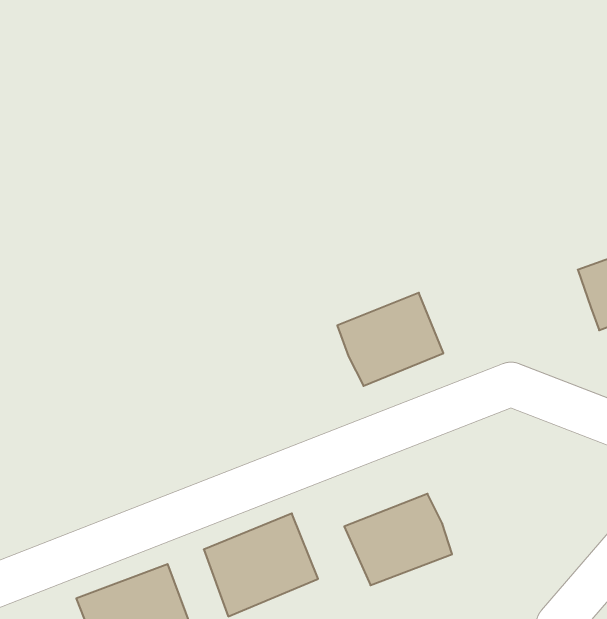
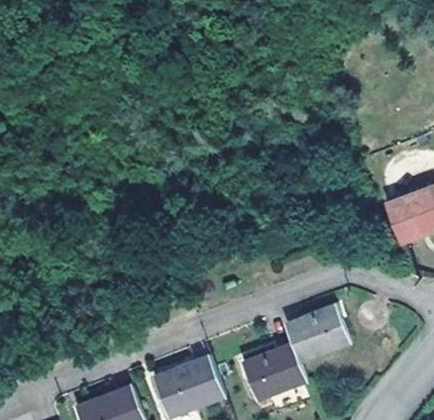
building: [337,293,443,386] -> [285,303,350,360]

